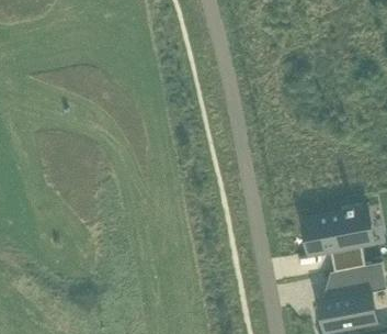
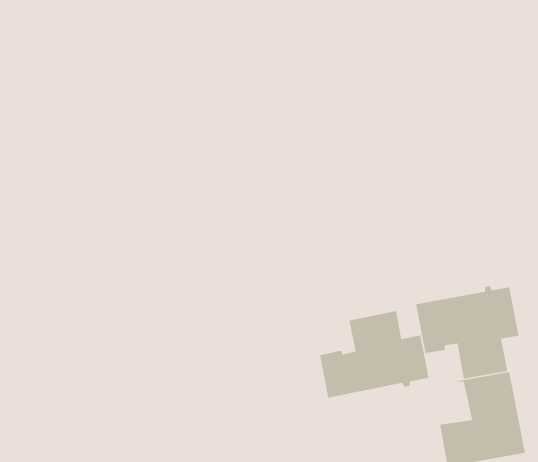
building: none -> [319,310,429,398]

